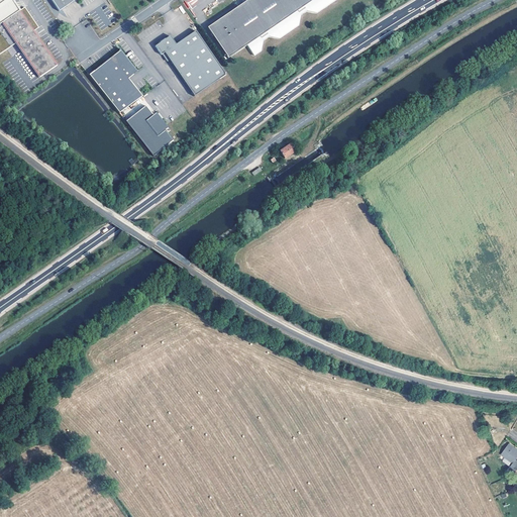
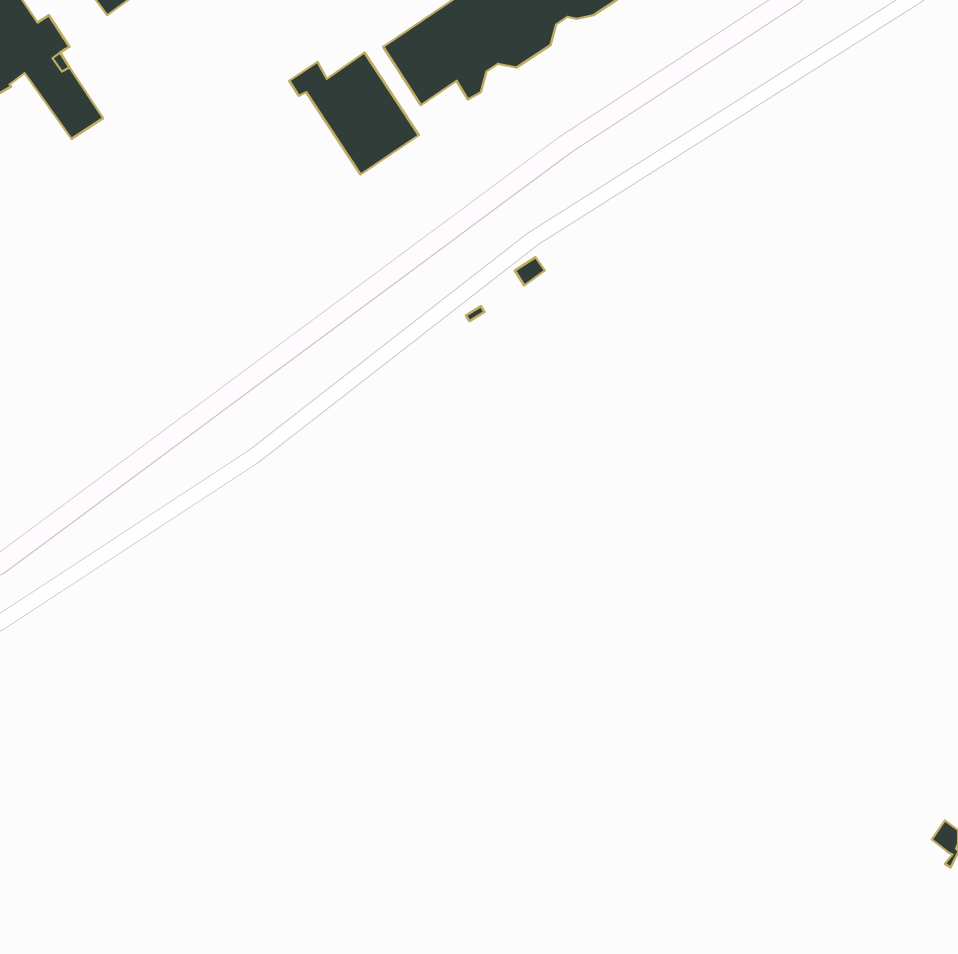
building: [90,48,141,111] -> none
building: [125,103,173,154] -> none

